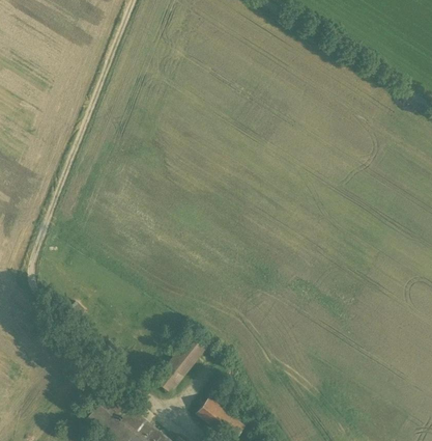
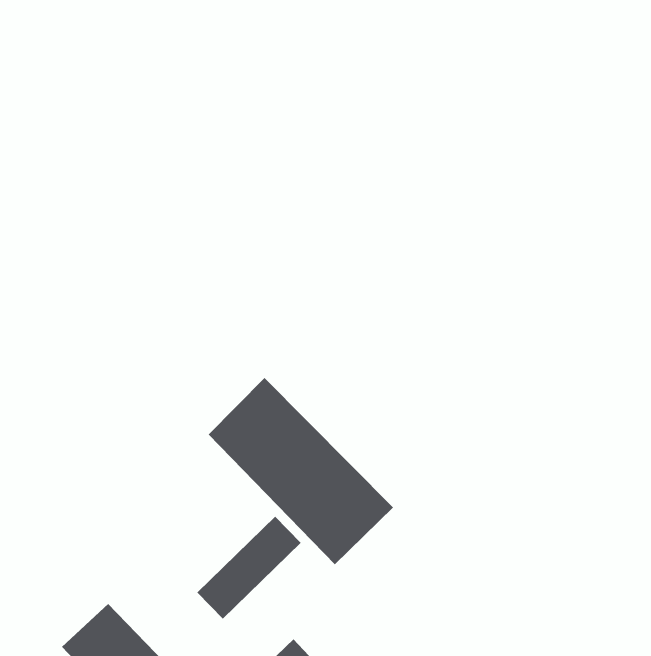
building: none -> [208,377,394,565]

